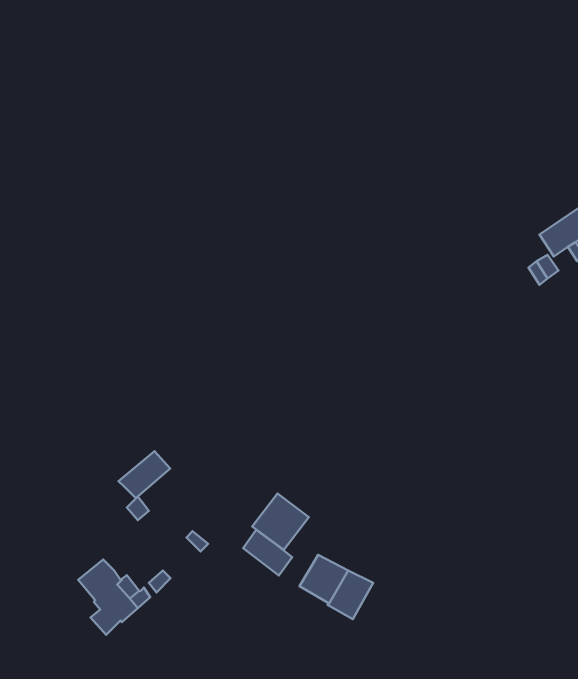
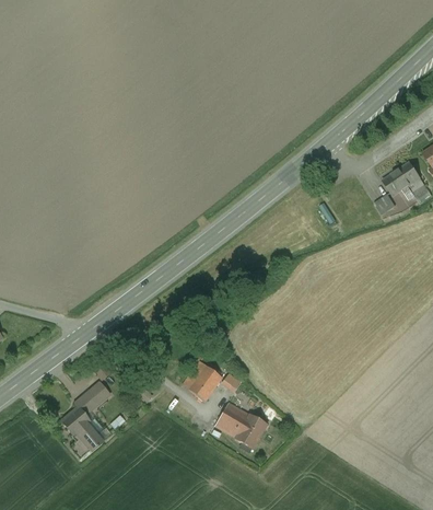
building: [118,451,170,498] -> [73,381,109,414]
building: [243,530,292,576] -> none

